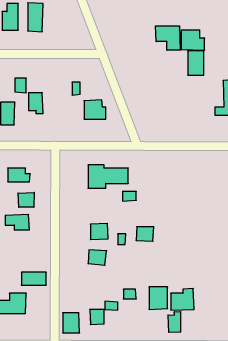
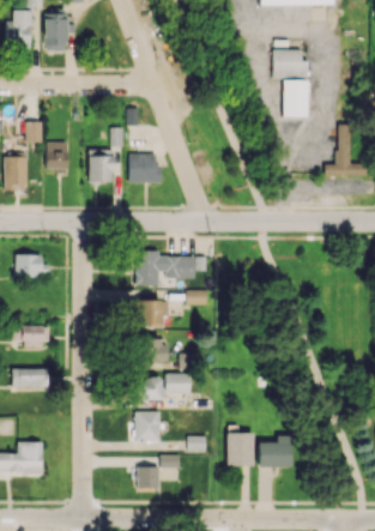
building: [156,26,180,50] -> none
building: none -> [90,157,114,183]
building: [18,192,34,207] -> none
building: none -> [135,301,170,327]
building: [136,227,154,241] -> [165,374,192,396]
building: [21,272,46,285] -> [12,369,49,388]
building: [168,312,181,332] -> none
building: [63,313,80,333] -> [135,412,161,442]

